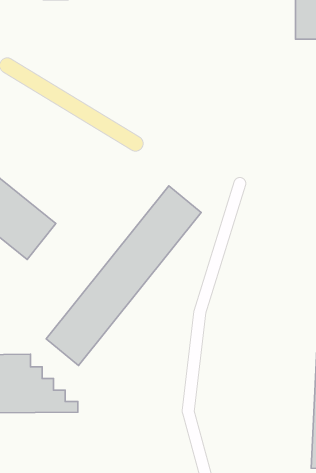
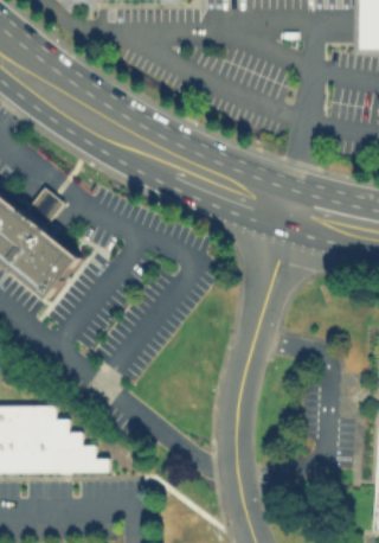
building: [46,186,201,365] -> none

